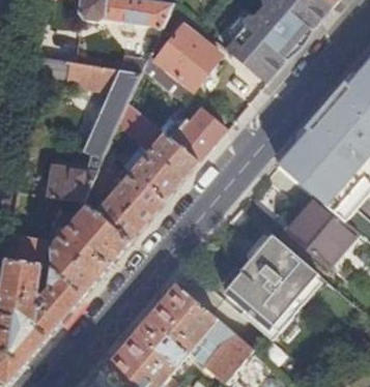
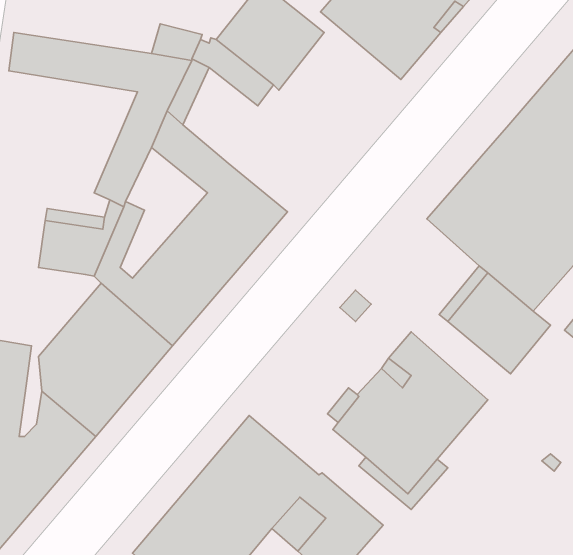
building: [162,109,225,162] -> none

